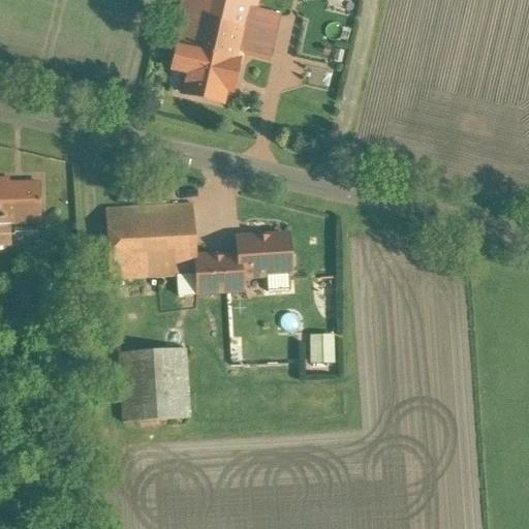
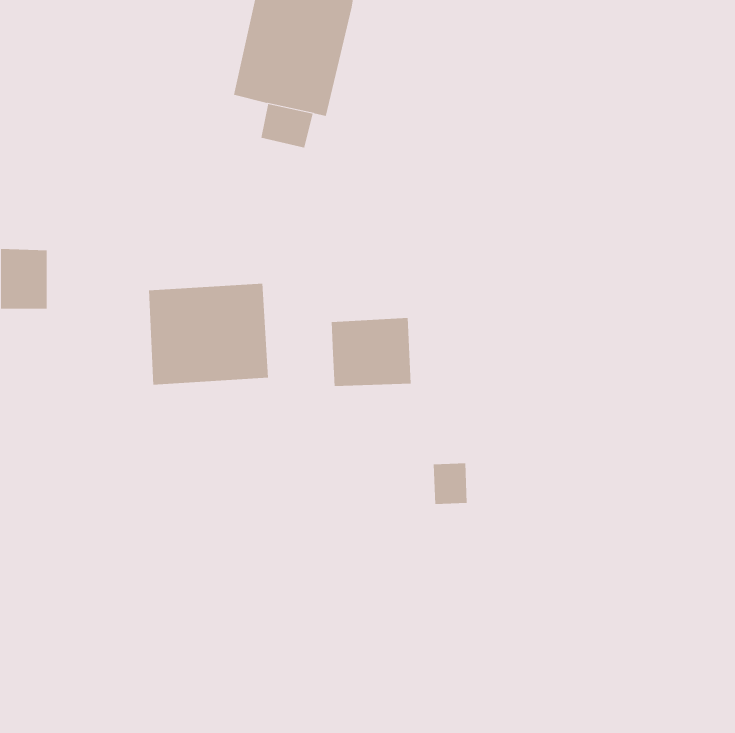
building: [243,5,280,55] -> none
building: [195,254,242,295] -> none
building: [121,351,188,413] -> none

